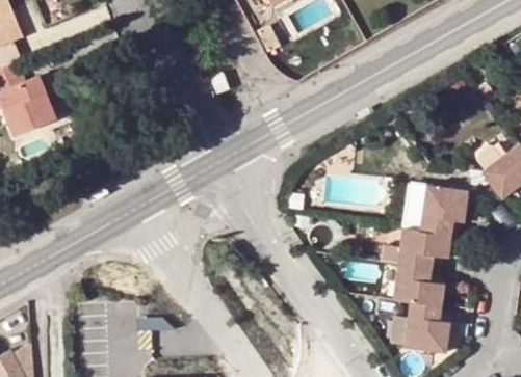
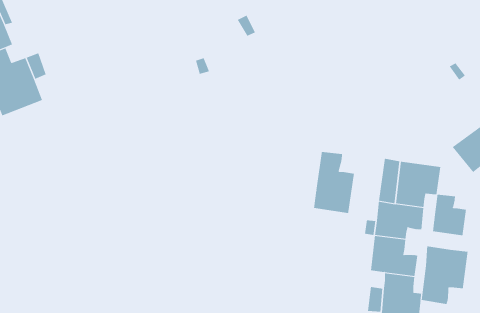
building: none -> [314,151,354,214]
building: none -> [433,194,466,236]
building: none -> [421,245,468,305]

